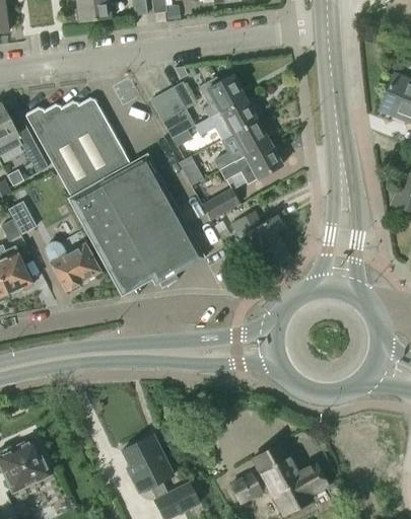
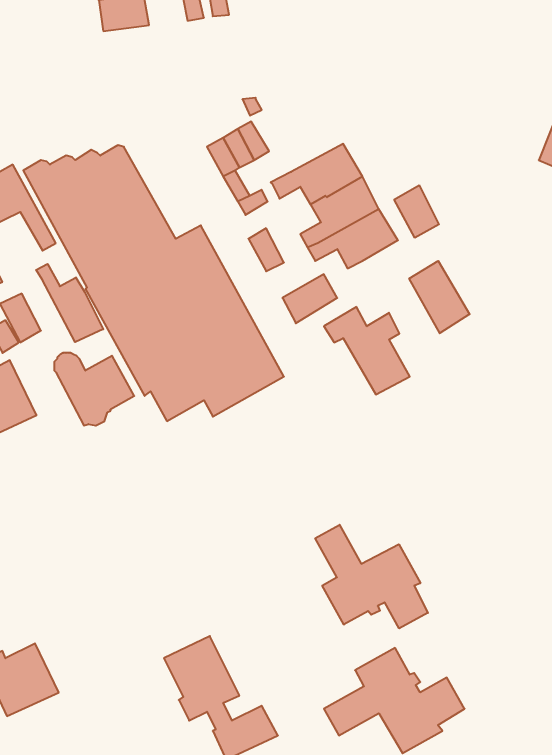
building: [198,75,244,118] -> none
building: none -> [394,185,439,238]
building: none -> [409,261,470,333]
building: none -> [36,264,103,342]
building: none -> [315,525,428,628]

